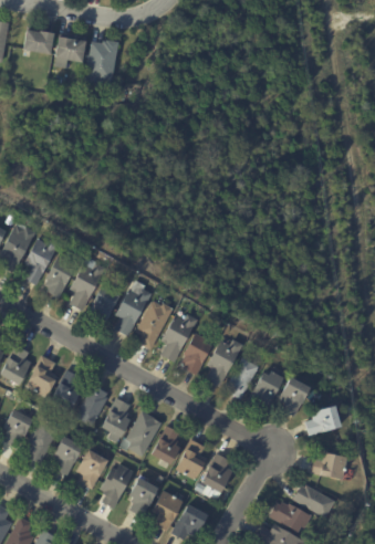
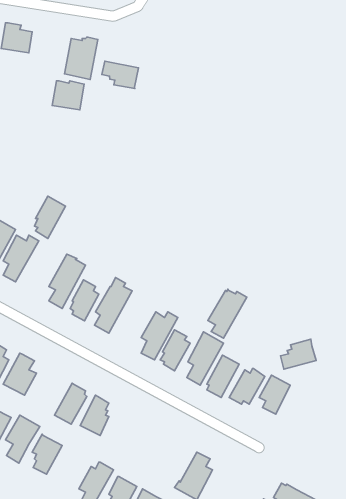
building: [54,35,86,64] -> [52,81,84,110]
building: none -> [102,61,139,88]
building: [45,255,76,297] -> [34,196,66,239]
building: [135,300,174,348] -> [208,289,247,338]
building: [50,369,80,409] -> none
building: [305,405,341,435] -> [281,339,316,369]
building: [126,411,162,456] -> none
building: [152,426,179,464] -> none
building: [175,439,207,480] -> none
building: [76,450,107,489] -> none
building: [310,453,347,479] -> none

